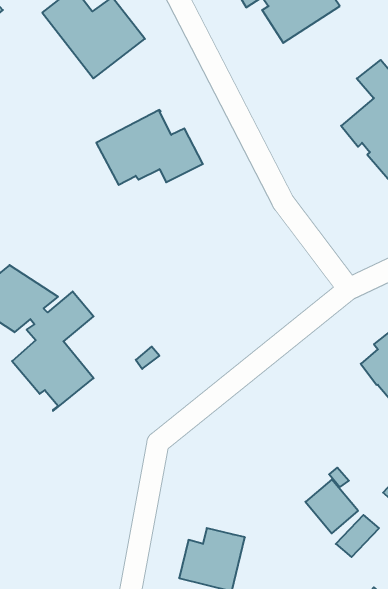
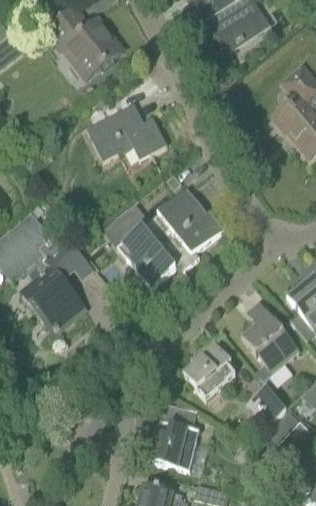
building: none -> [102,189,221,288]
building: none -> [241,300,300,372]
building: none -> [183,338,235,399]

